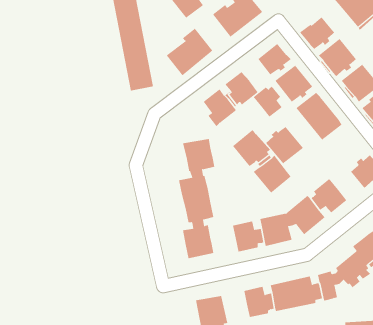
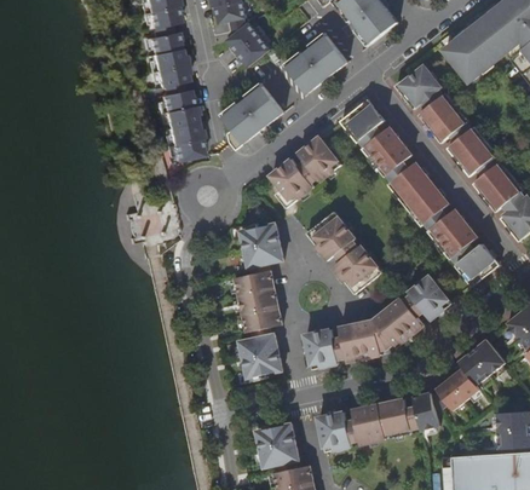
building: [253,86,283,118] -> none
building: [265,126,304,164] -> [428,209,478,258]

